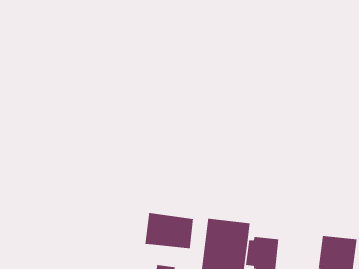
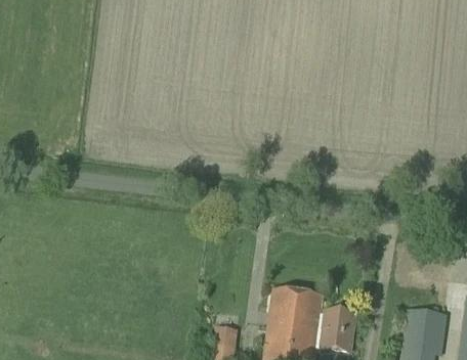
building: [145,212,194,249] -> none

